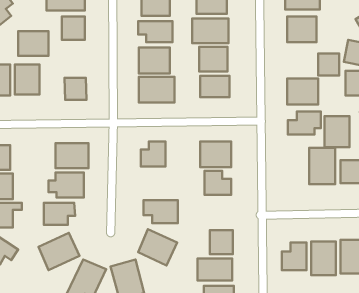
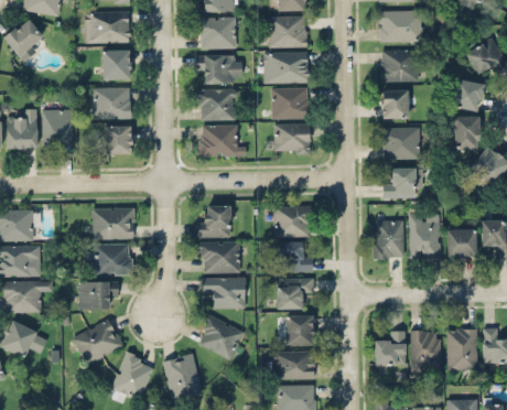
building: [18,31,48,56] -> [94,87,131,118]
building: [318,53,339,76] -> [381,90,408,118]
building: [325,116,350,147] -> [374,219,404,258]
building: none -> [199,241,239,272]
building: none -> [277,278,313,310]

